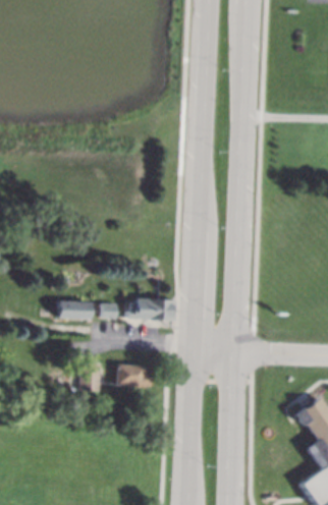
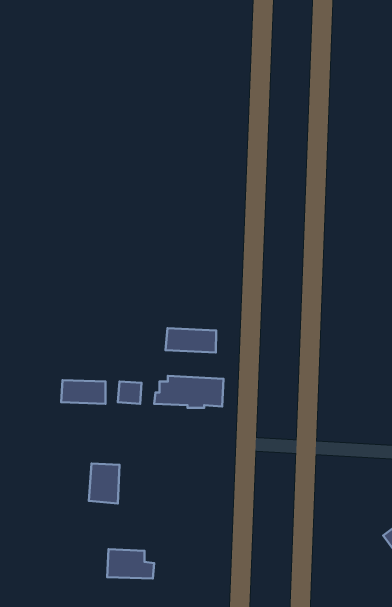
building: none -> [165,328,216,353]
building: [116,364,151,386] -> [107,549,154,578]

